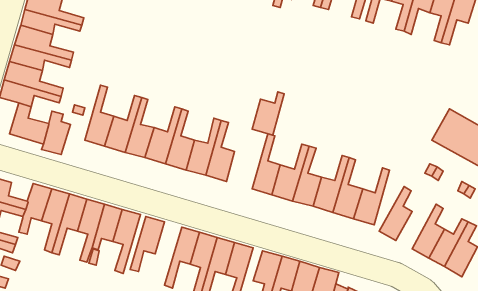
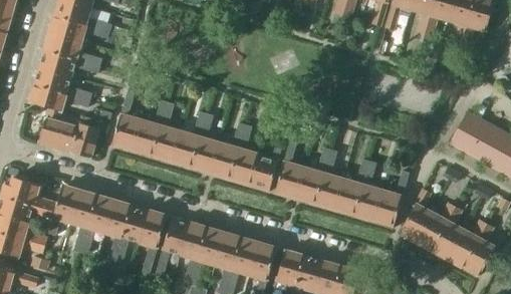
building: [252,92,284,135] -> [250,148,281,190]
building: none -> [415,203,454,249]
building: none -> [181,223,207,284]

